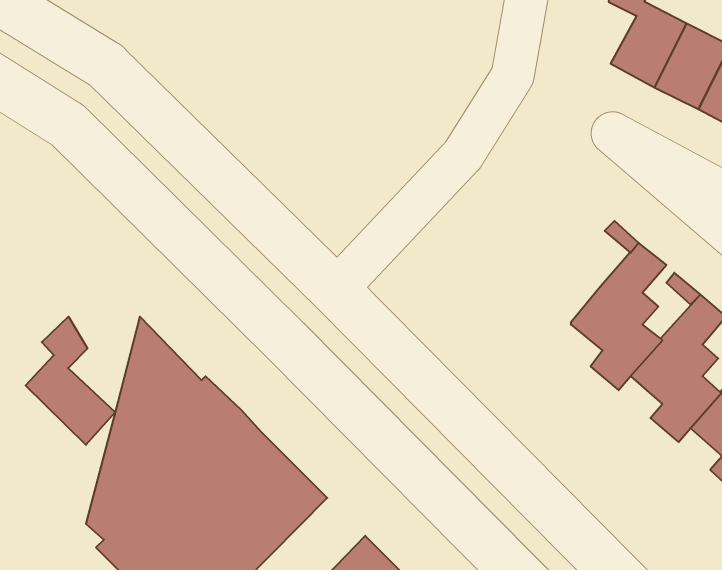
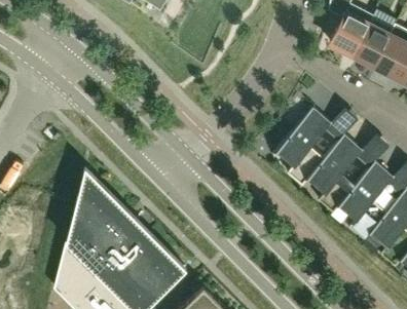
building: none -> [277,111,326,186]
building: [26,317,115,445] -> none

